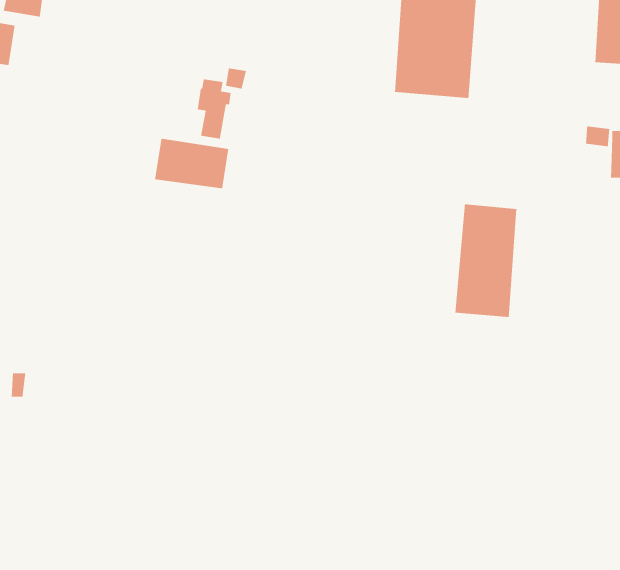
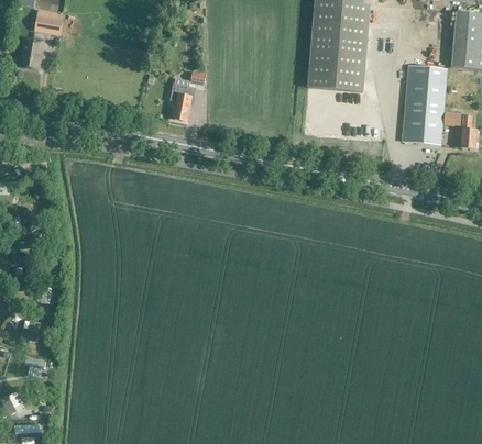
building: [154,138,229,189] -> none
building: [455,204,517,318] -> [402,65,446,145]

